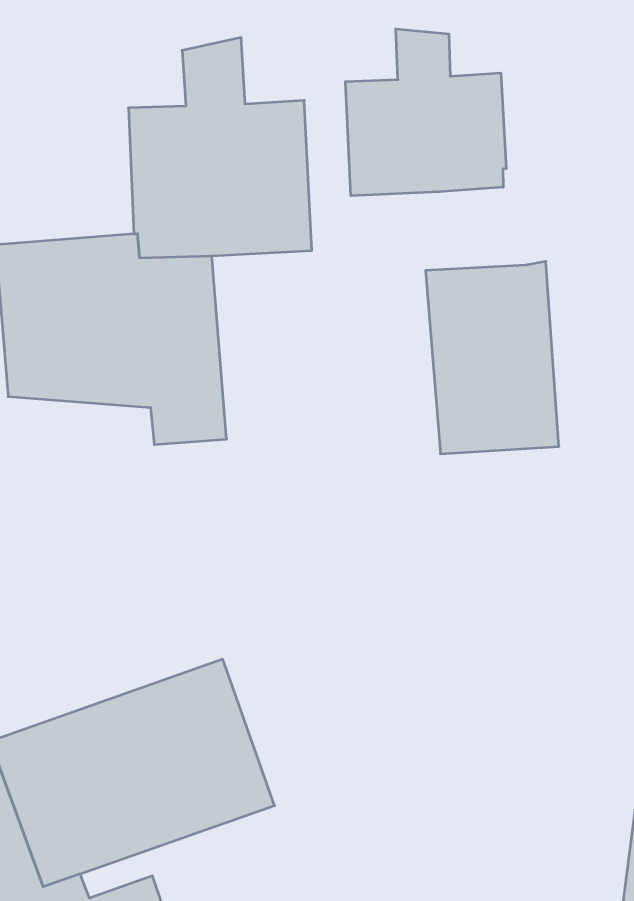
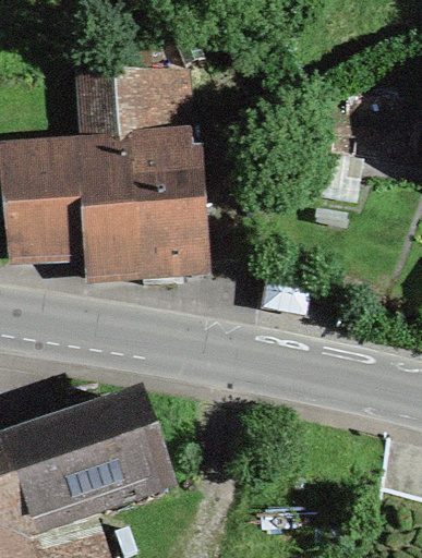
building: [345,29,506,196] -> none
building: [426,261,559,454] -> [129,158,207,271]

